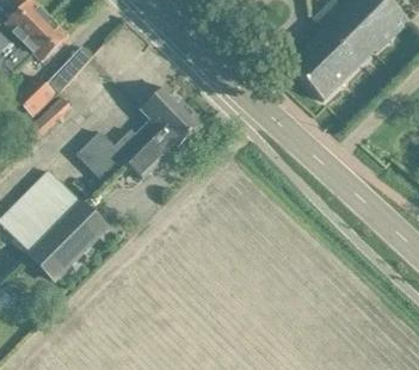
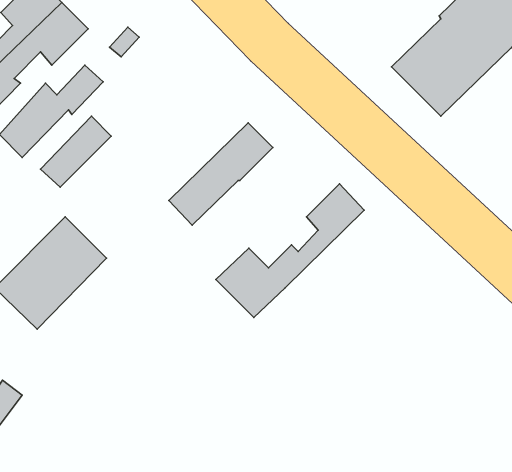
building: [76,84,184,180] -> [216,184,364,317]
building: [31,201,99,280] -> none

